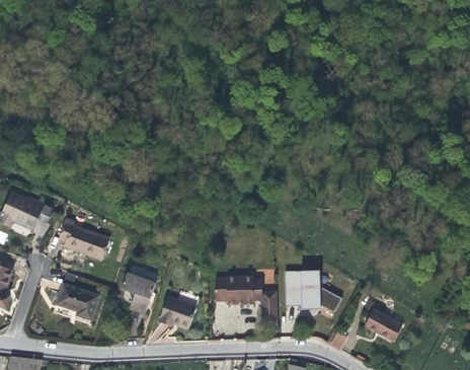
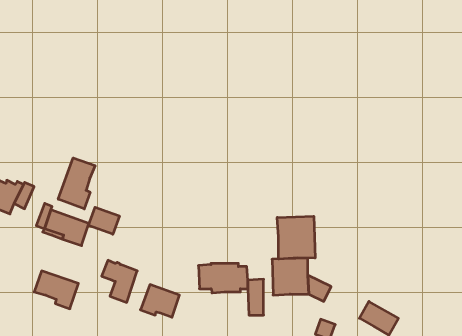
building: none -> [58,158,95,209]
building: none -> [88,207,119,234]
building: none -> [277,216,315,259]

